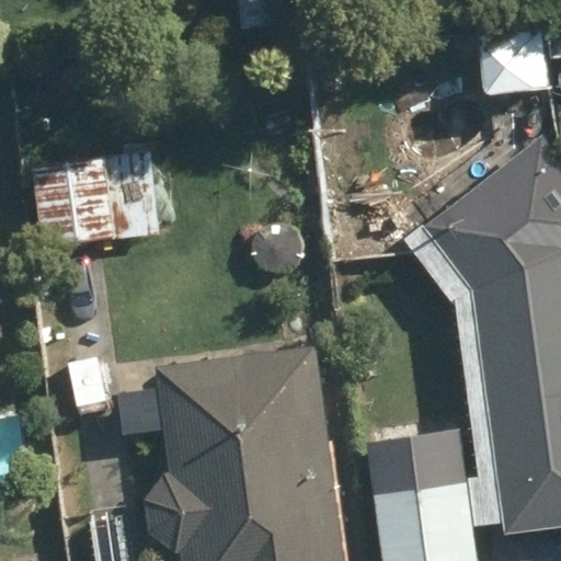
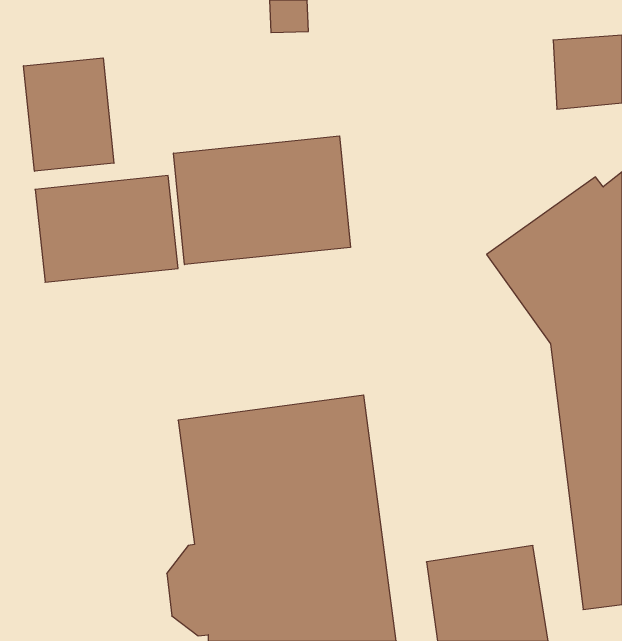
building: none -> [24,58,114,171]
building: none -> [174,136,350,265]

